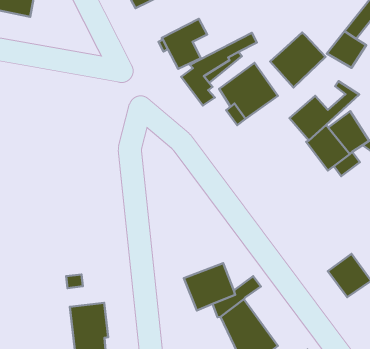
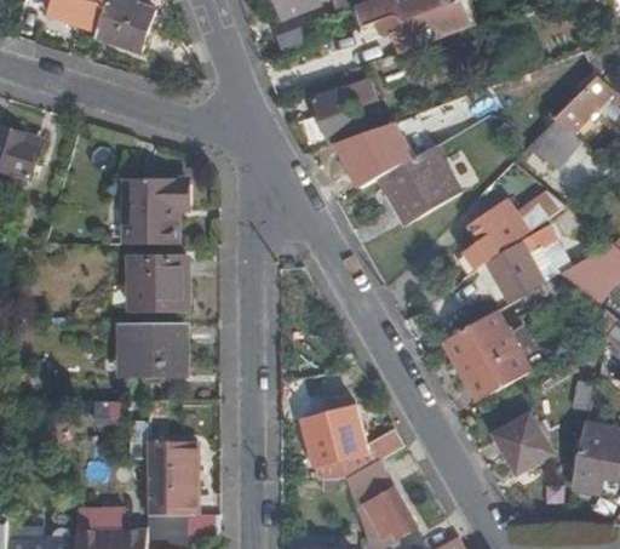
building: [270,32,326,87] -> none
building: none -> [121,178,183,245]
building: none -> [131,258,188,309]
building: none -> [441,309,528,400]
building: none -> [125,322,183,374]

